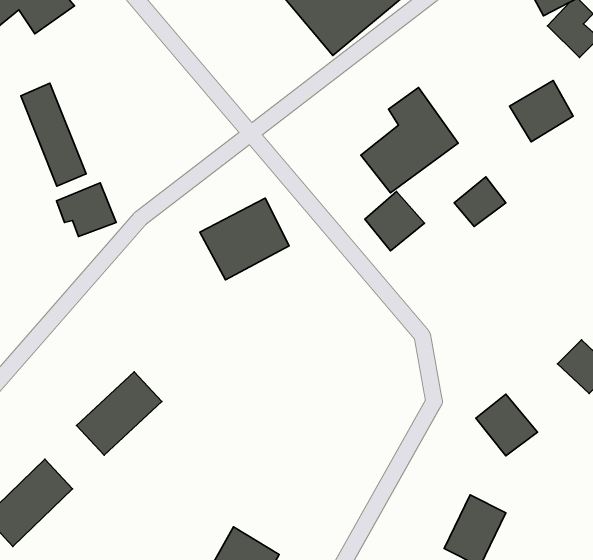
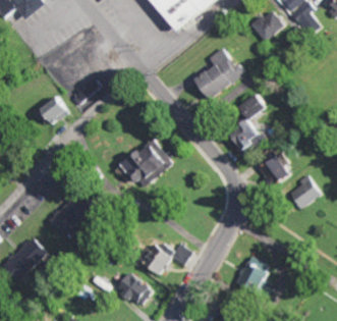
building: [509,80,573,142] -> [250,10,283,42]
building: [21,83,86,186] -> none
building: [365,191,424,251] -> [234,121,265,152]
building: [200,198,289,280] -> [123,144,169,185]
building: [476,394,538,456] -> [258,155,289,186]
building: none -> [144,243,190,273]

